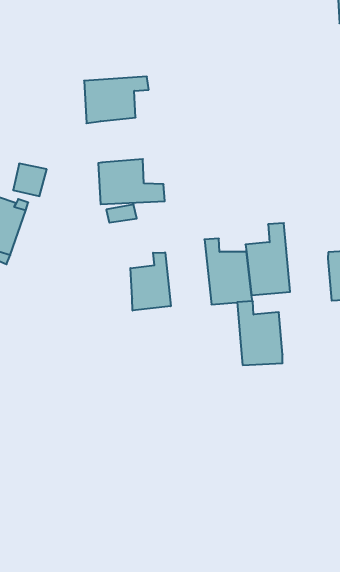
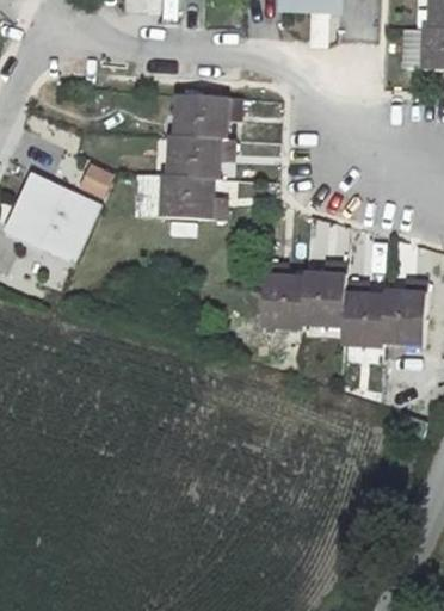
building: none -> [173,132,236,177]
building: [130,252,171,311] -> none
building: [237,301,283,365] -> [338,283,381,348]

